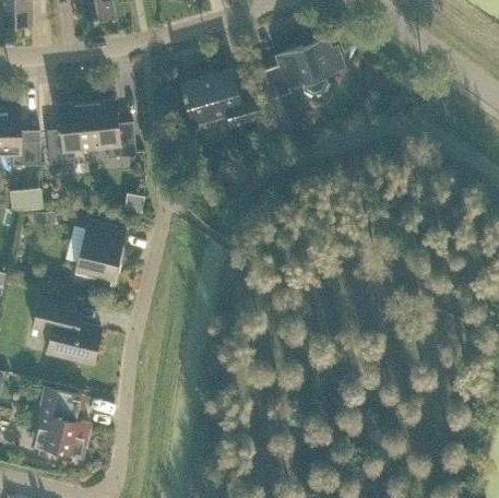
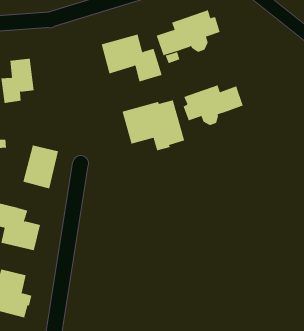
building: [85,103,134,159] -> none
building: none -> [183,84,244,126]
building: none -> [122,100,185,151]

